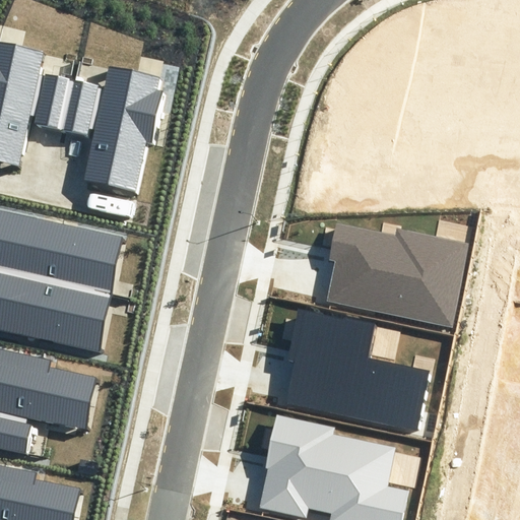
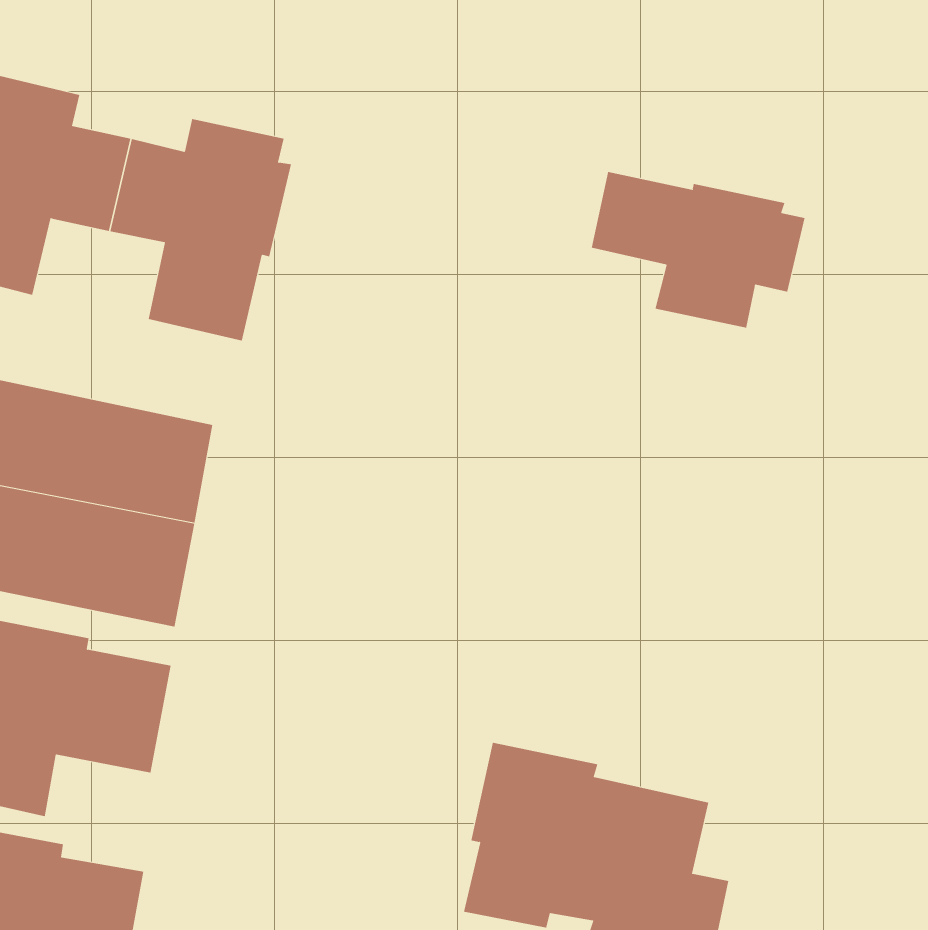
building: none -> [591,171,805,328]
building: [325,223,468,328] -> none
building: [284,312,429,431] -> none

